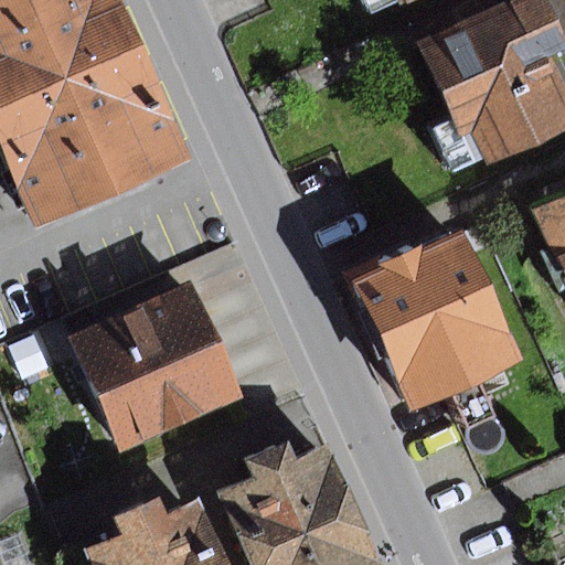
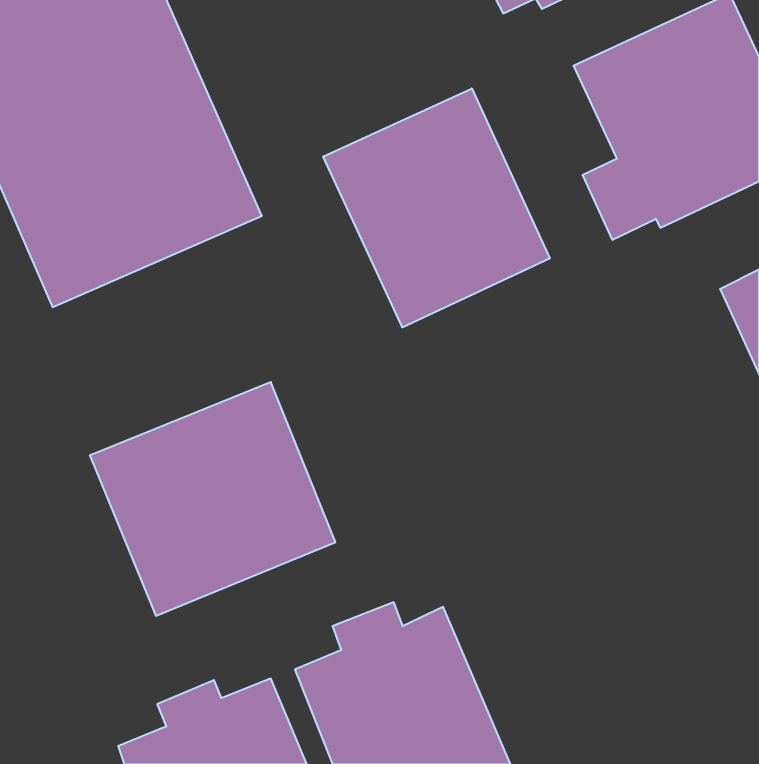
building: none -> [323,88,550,327]
building: [345,230,523,412] -> none

